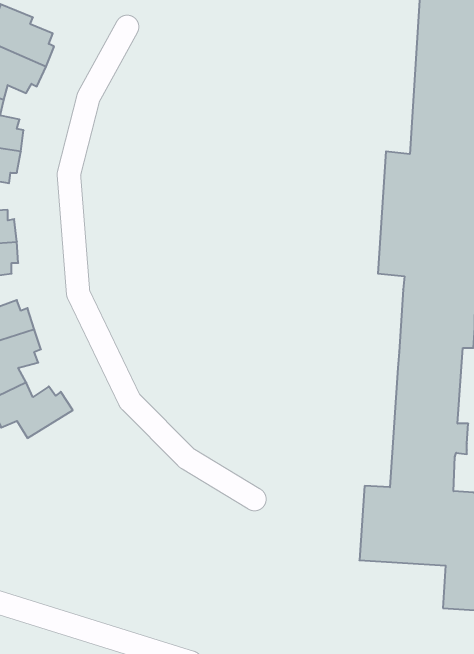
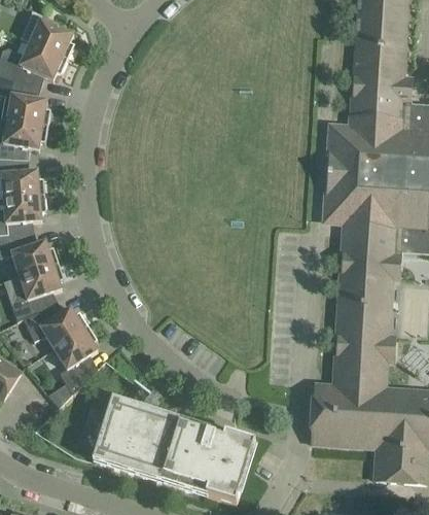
building: none -> [53,325,98,392]
building: none -> [93,398,255,504]

